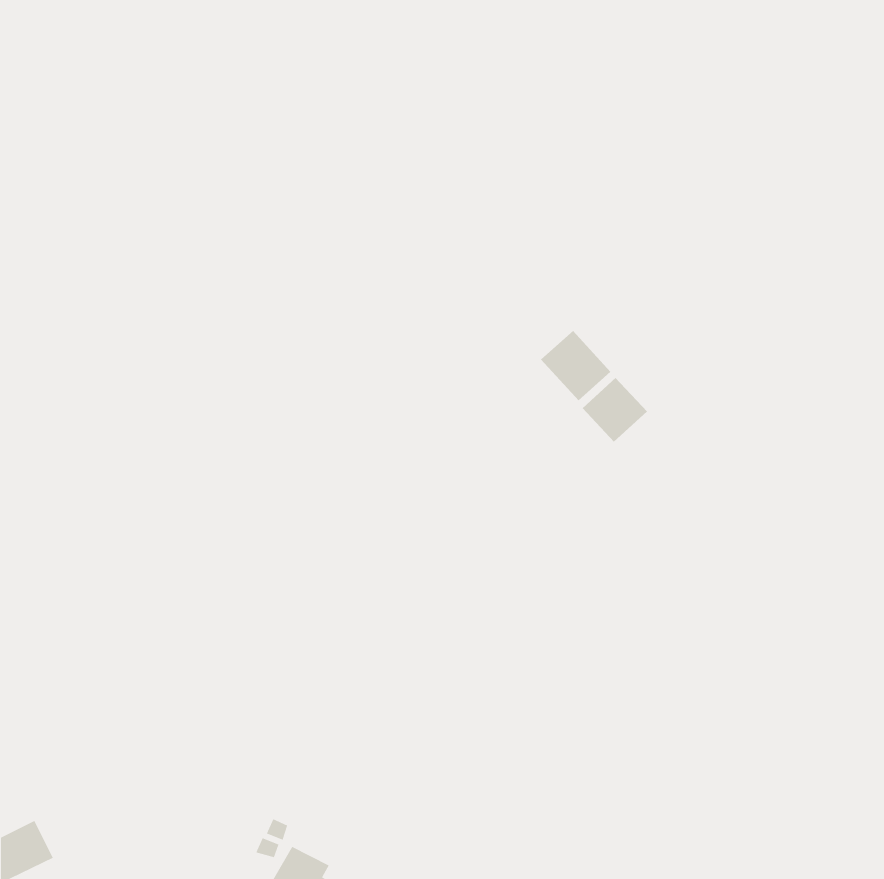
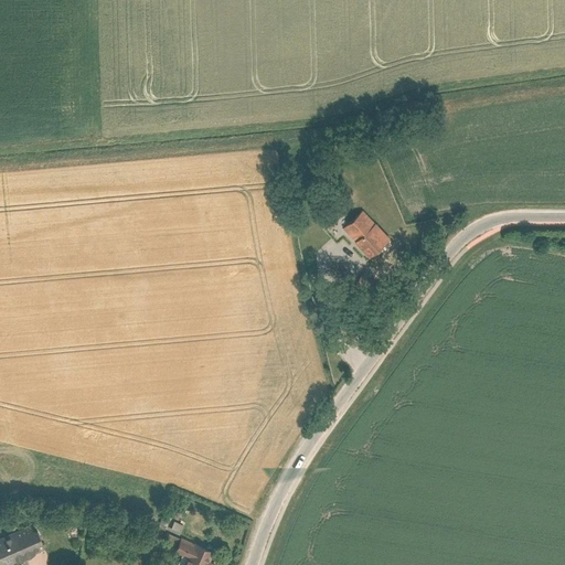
building: [582,377,648,442] -> none

